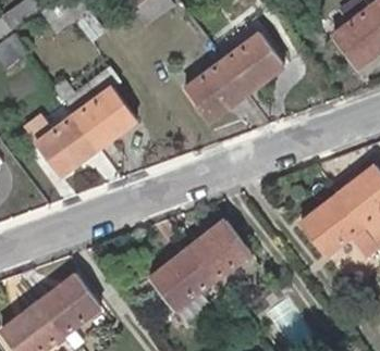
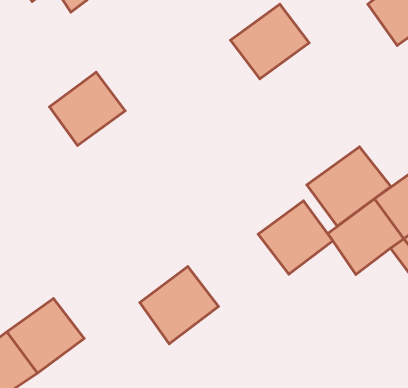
building: [184,63,245,123] -> none
building: [37,117,96,175] -> none
building: none -> [307,147,391,226]
building: [186,221,247,280] -> [258,201,333,274]

